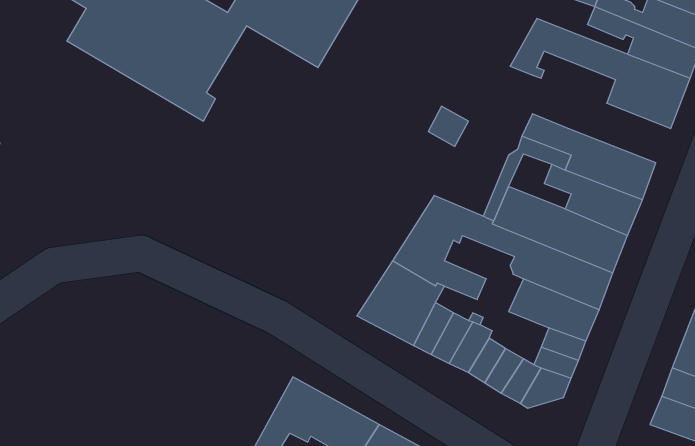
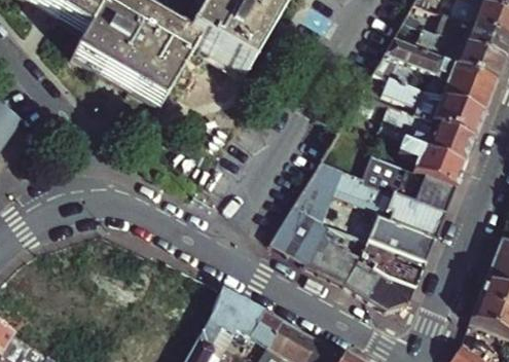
building: none -> [384,79,485,140]
building: none -> [360,242,401,280]

